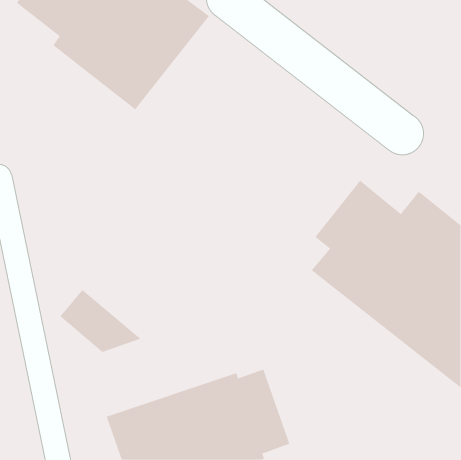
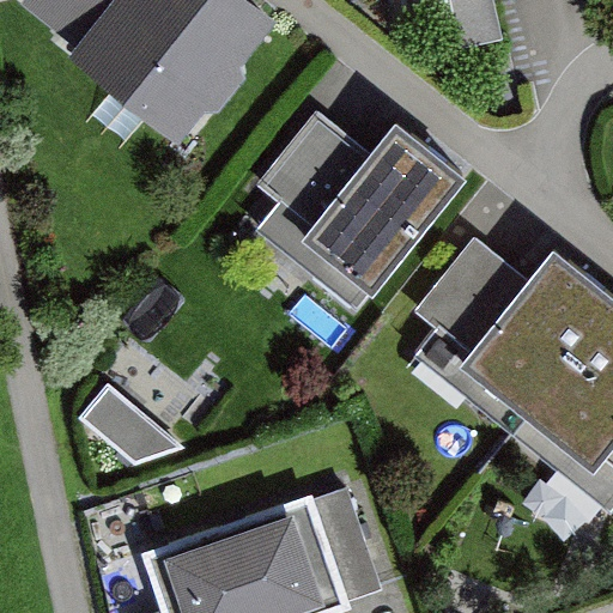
building: none -> [256,110,469,312]

